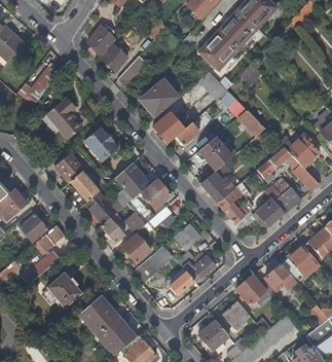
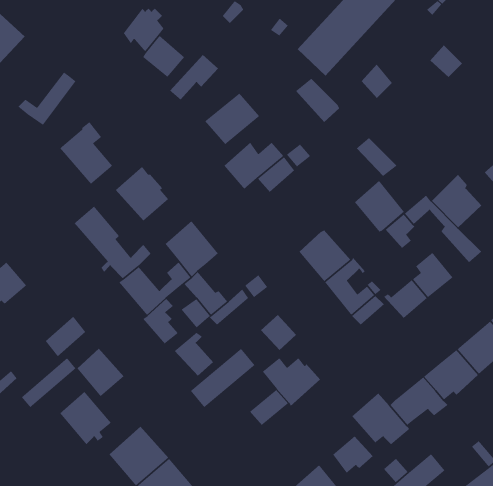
building: [198,136,231,170] -> [354,180,405,233]
building: [141,178,170,208] -> none
building: [15,210,46,242] -> [77,348,125,397]

